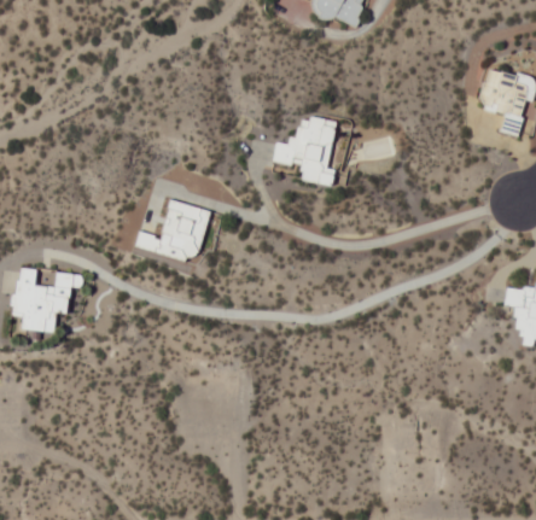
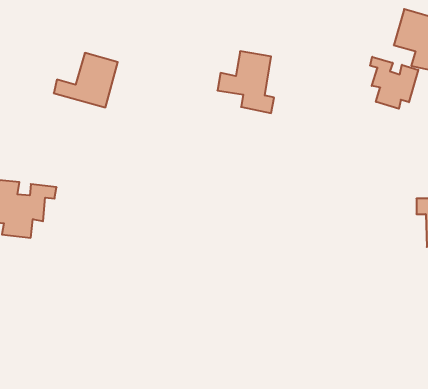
building: none -> [370,57,418,109]
building: [135,199,210,263] -> [54,53,118,107]

